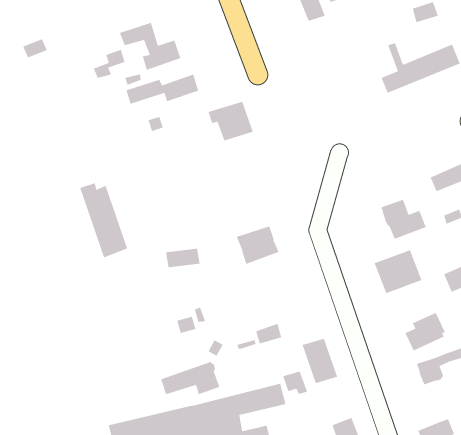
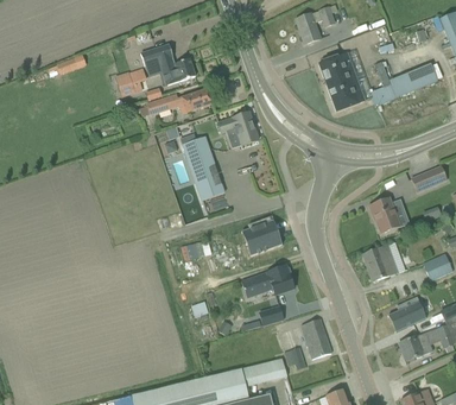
building: none -> [318,52,363,110]
building: [79,182,128,258] -> [180,133,223,200]
building: [160,361,220,395] -> [241,265,293,295]

